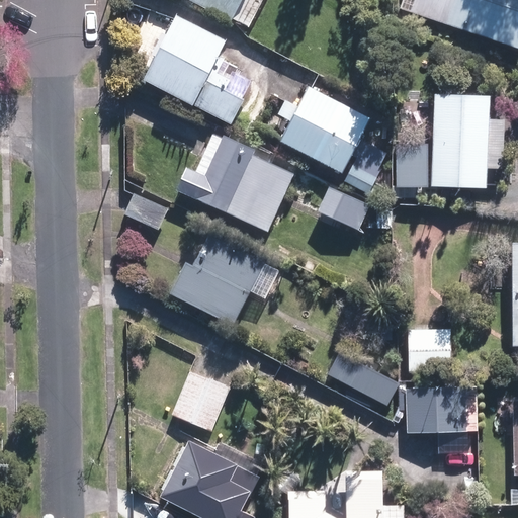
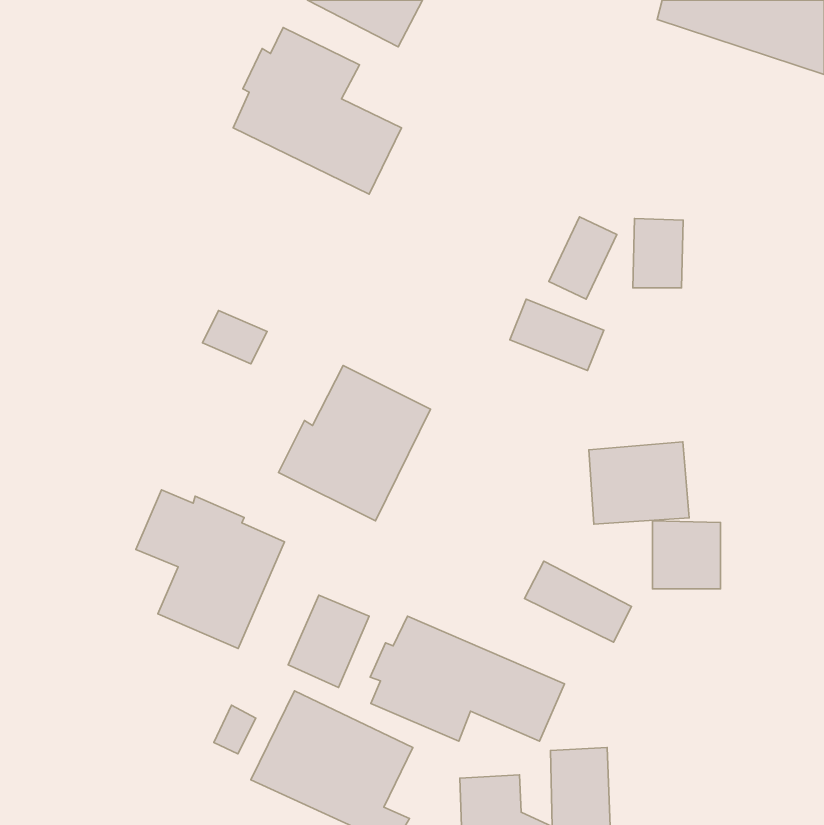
building: [278,83,367,167] -> none
building: [432,96,487,188] -> none
building: [181,134,295,233] -> none
building: none -> [136,490,284,649]
building: [406,378,468,430] -> [589,442,689,524]
building: none -> [370,616,564,741]

